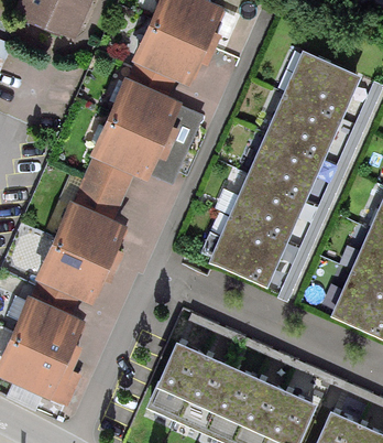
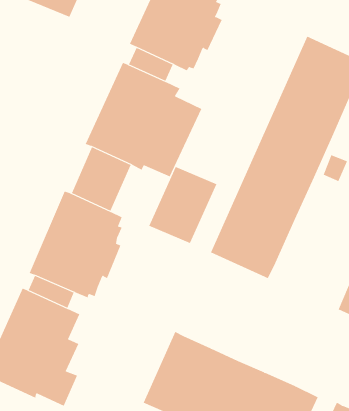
building: none -> [148,166,217,244]

